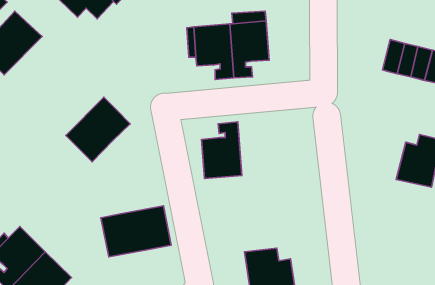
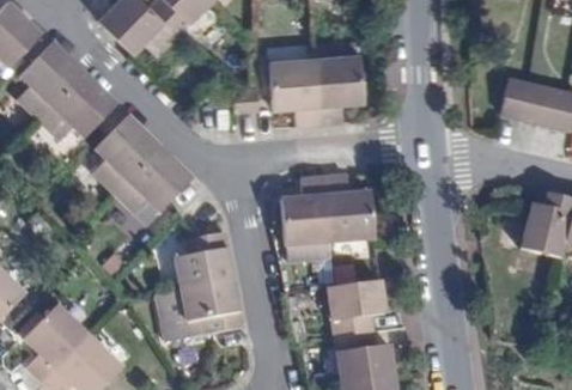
building: none -> [38,73,117,141]
building: none -> [92,116,160,194]
building: none -> [324,176,375,243]
building: none -> [175,233,233,290]
building: none -> [327,281,385,336]

